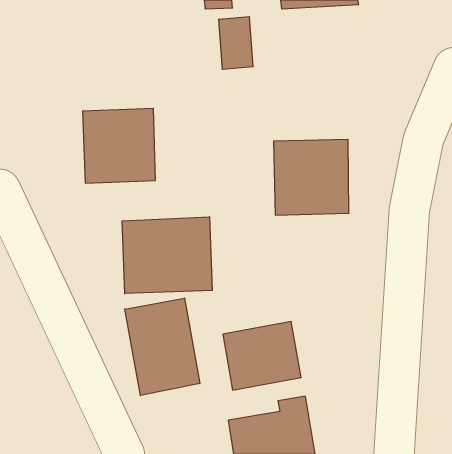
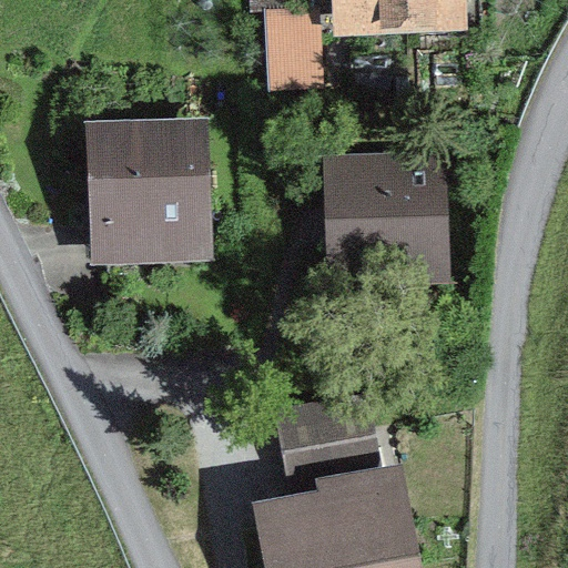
building: [122,217,212,294] -> none
building: [125,298,200,396] -> none

